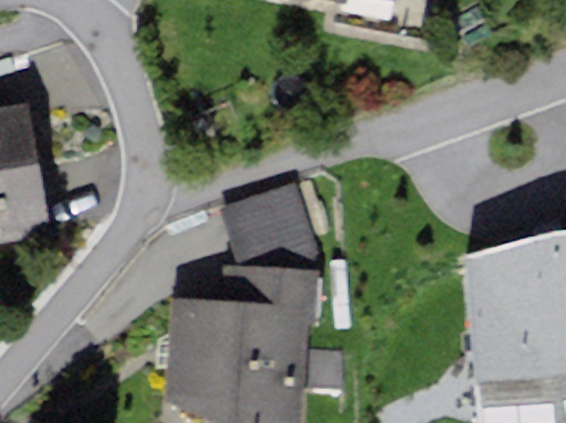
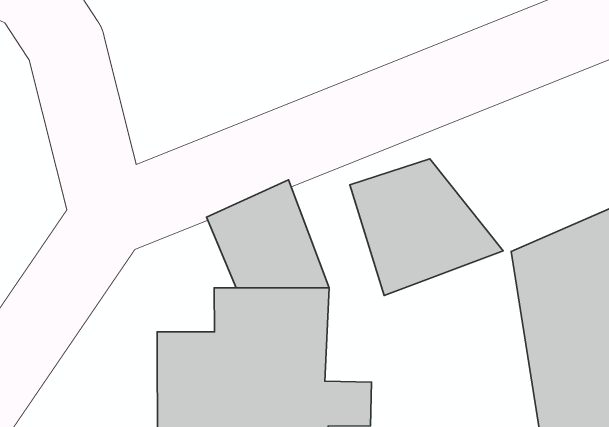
building: none -> [350,159,503,296]

